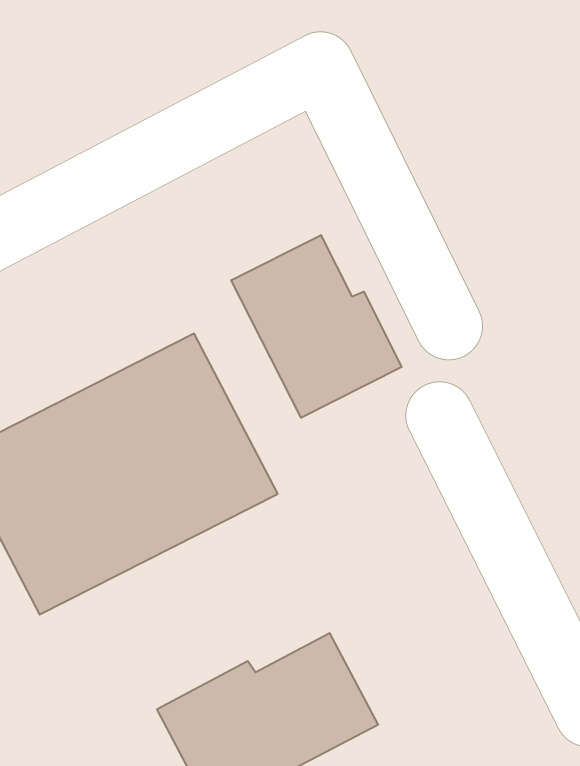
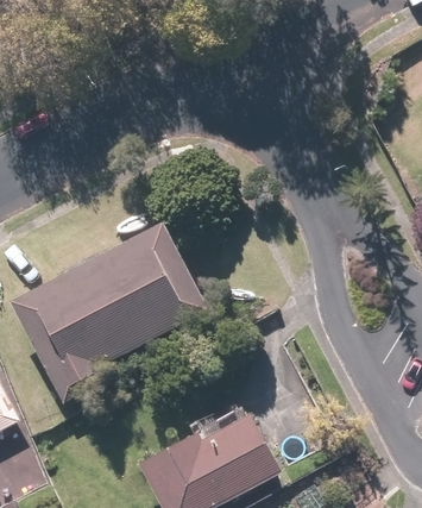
building: [231,235,402,418] -> none

